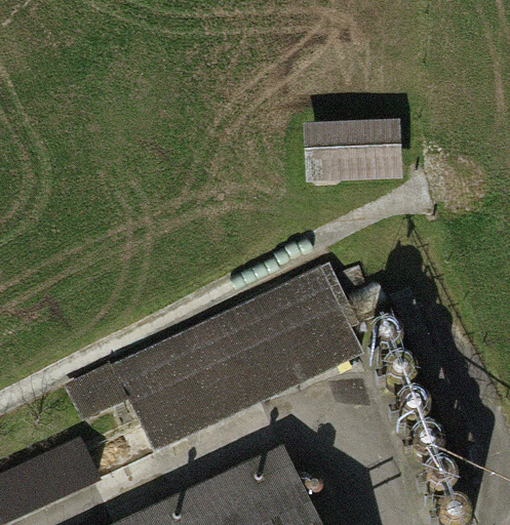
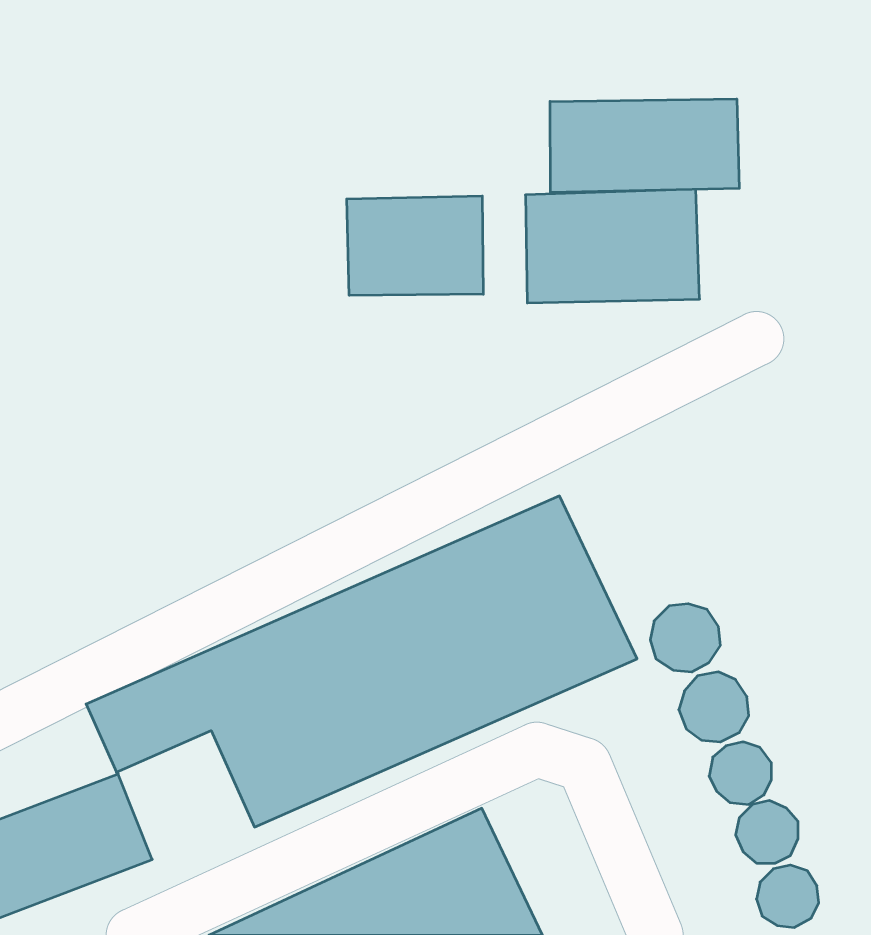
building: none -> [550,99,739,193]
building: none -> [347,196,483,295]

